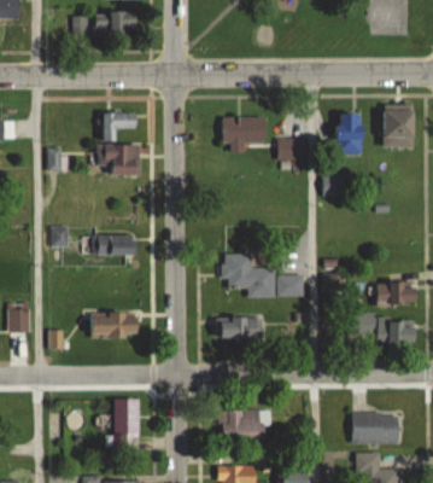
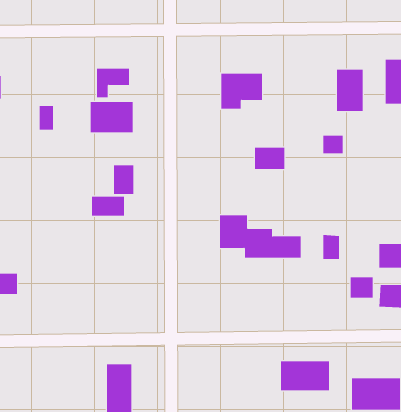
building: [277,138,308,159] -> [254,147,285,169]
building: none -> [114,164,134,195]
building: [90,312,139,337] -> none
building: [216,316,262,339] -> none
building: [222,409,270,438] -> [280,361,330,391]

